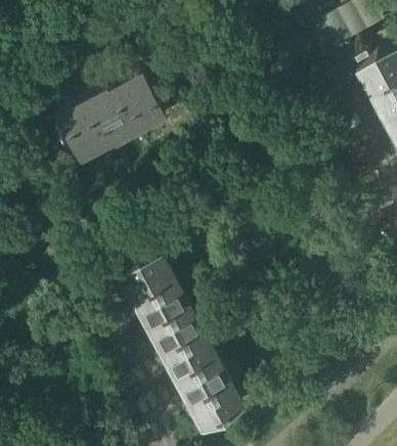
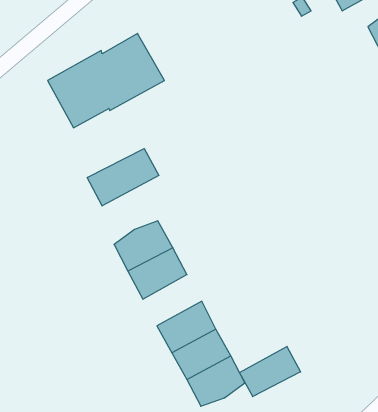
building: none -> [87,149,159,206]
building: [145,305,202,354] -> none
building: none -> [239,346,301,397]

